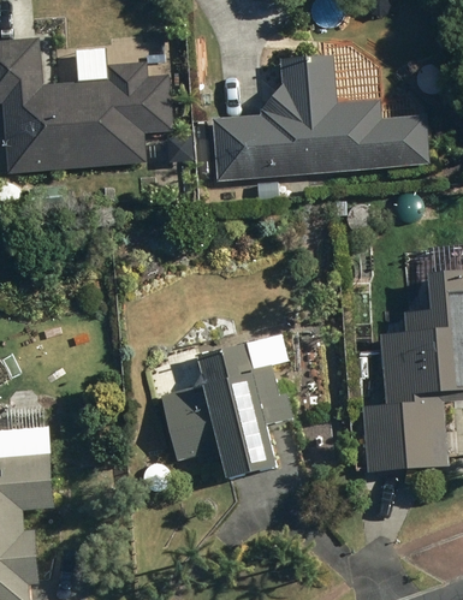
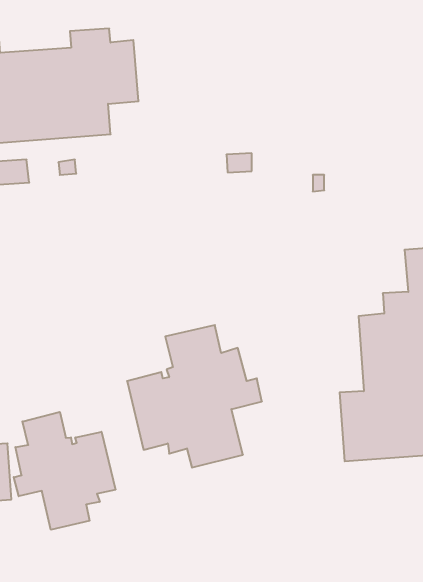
building: [213,54,428,180] -> none
building: none -> [14,412,115,530]

